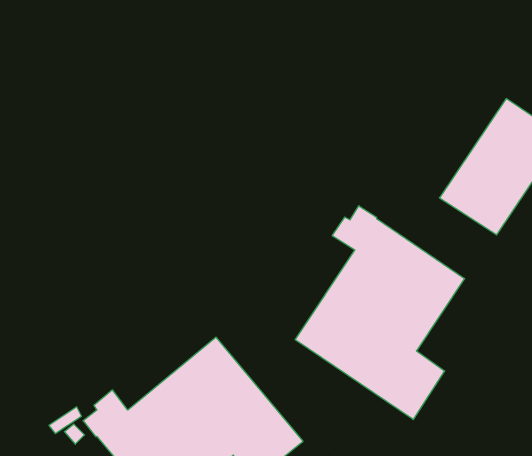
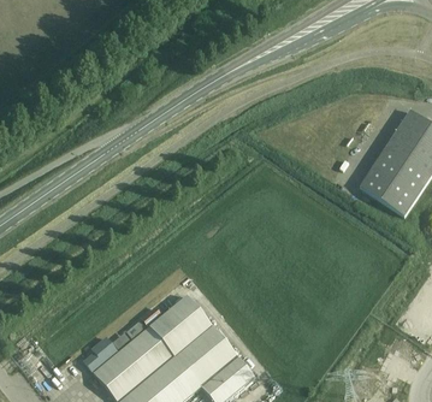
building: [295,206,465,420] -> none

